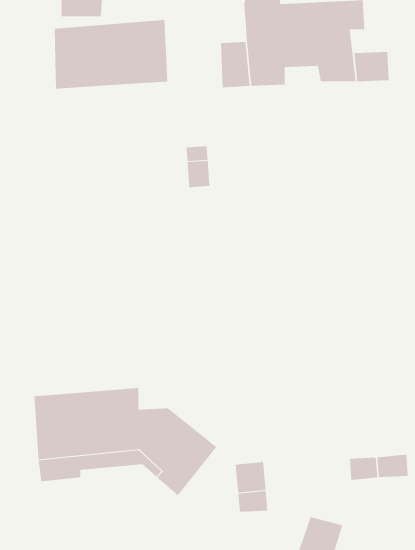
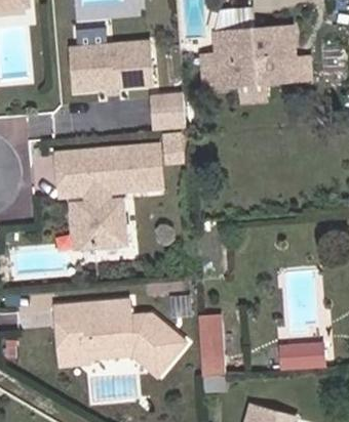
building: none -> [152,94,184,128]
building: none -> [57,144,161,247]
building: none -> [197,312,221,355]

